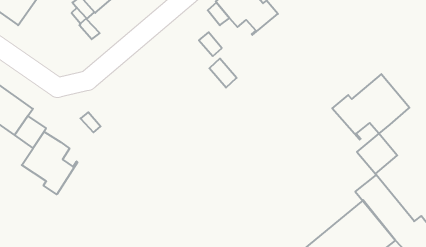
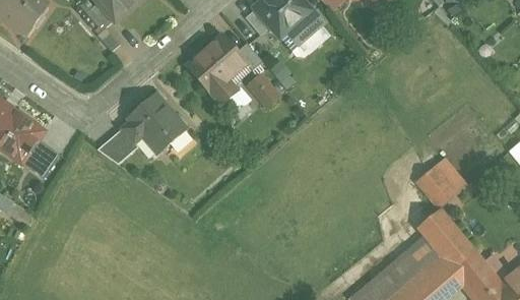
building: none -> [187,43,251,107]
building: [332,74,409,140] -> none
building: none -> [122,94,186,153]
building: [22,132,77,194] -> none

